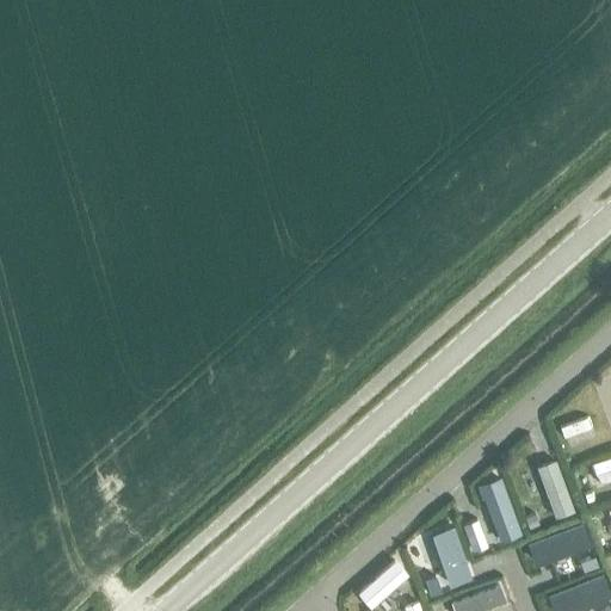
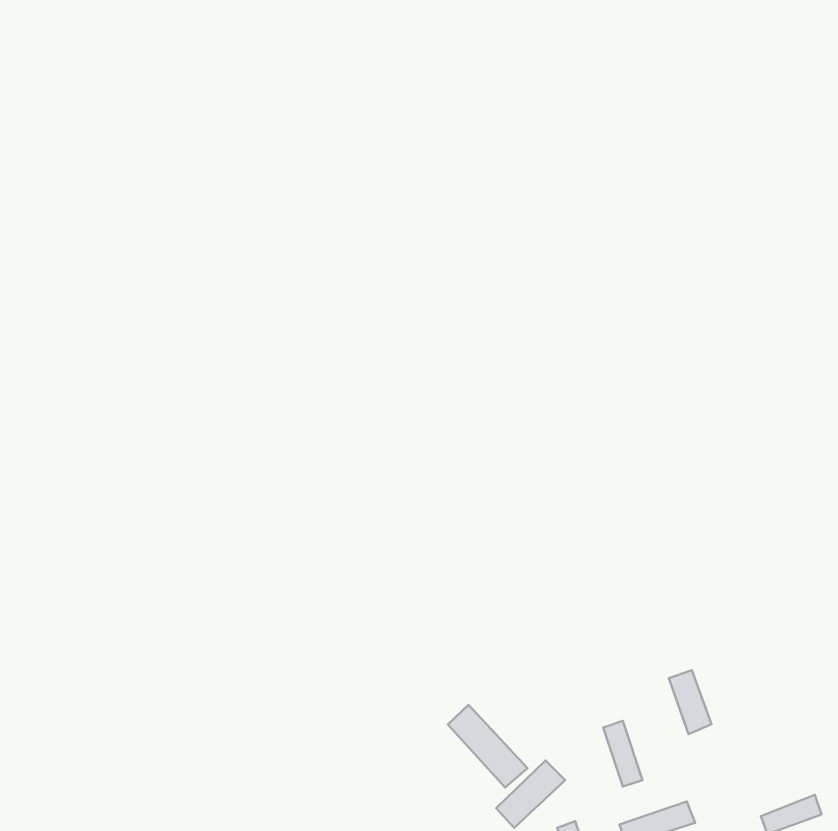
building: [537,464,574,521] -> none
building: none -> [448,705,528,787]
building: [535,529,590,563] -> none

